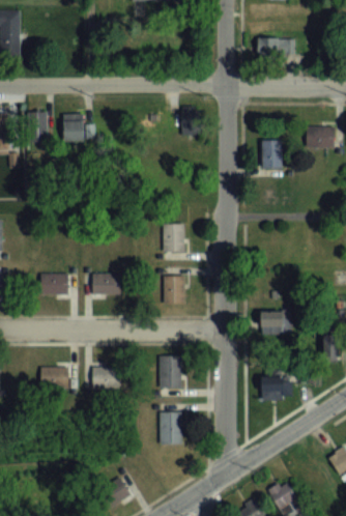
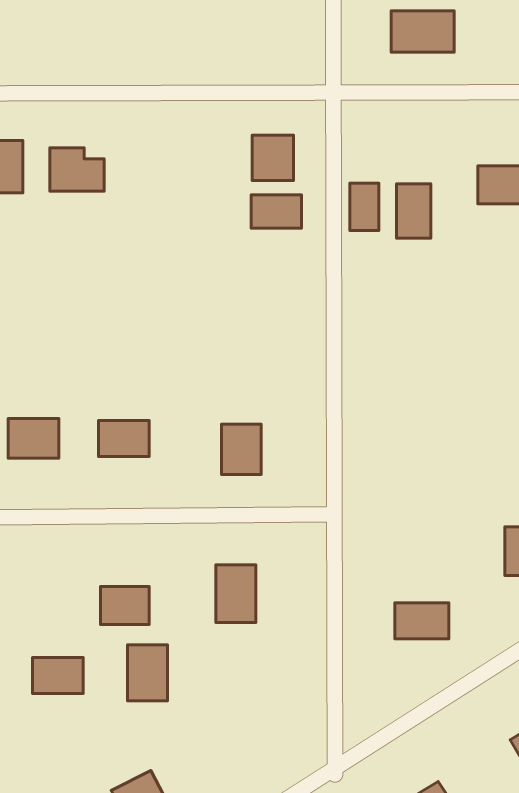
building: none -> [350,183,379,231]
building: none -> [251,195,302,228]
building: [162,224,184,252] -> none
building: [260,312,291,335] -> none
building: [39,368,68,389] -> [33,658,83,694]
building: [160,412,182,445] -> [128,645,167,701]

